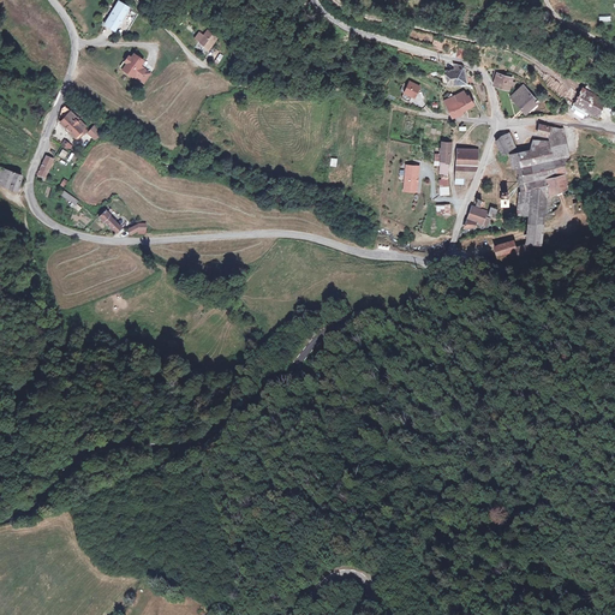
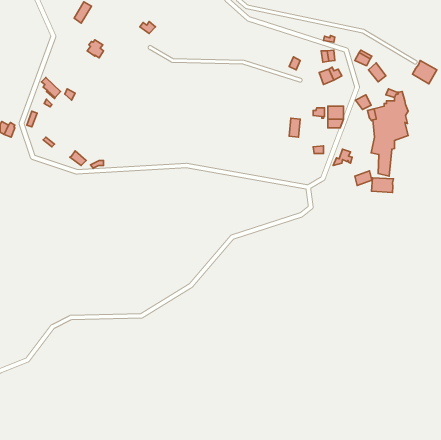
building: none -> [371,178,393,192]

